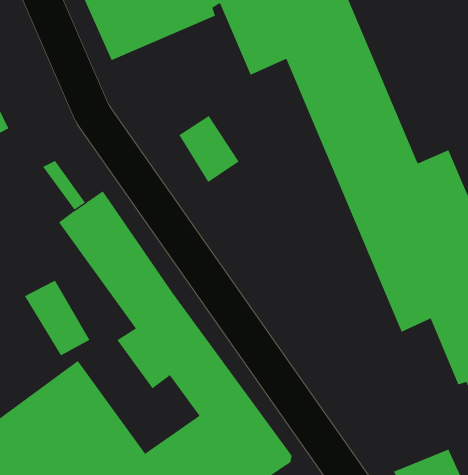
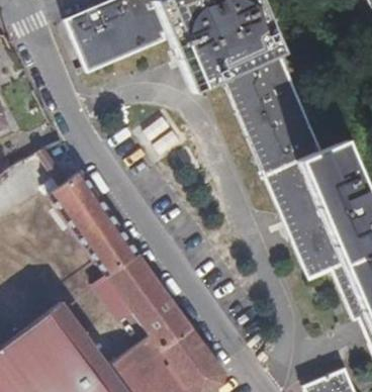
building: [24,280,90,356] -> none

